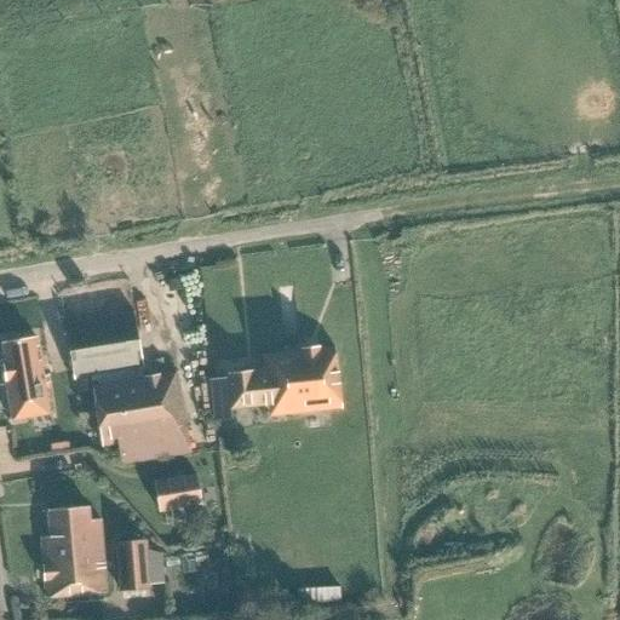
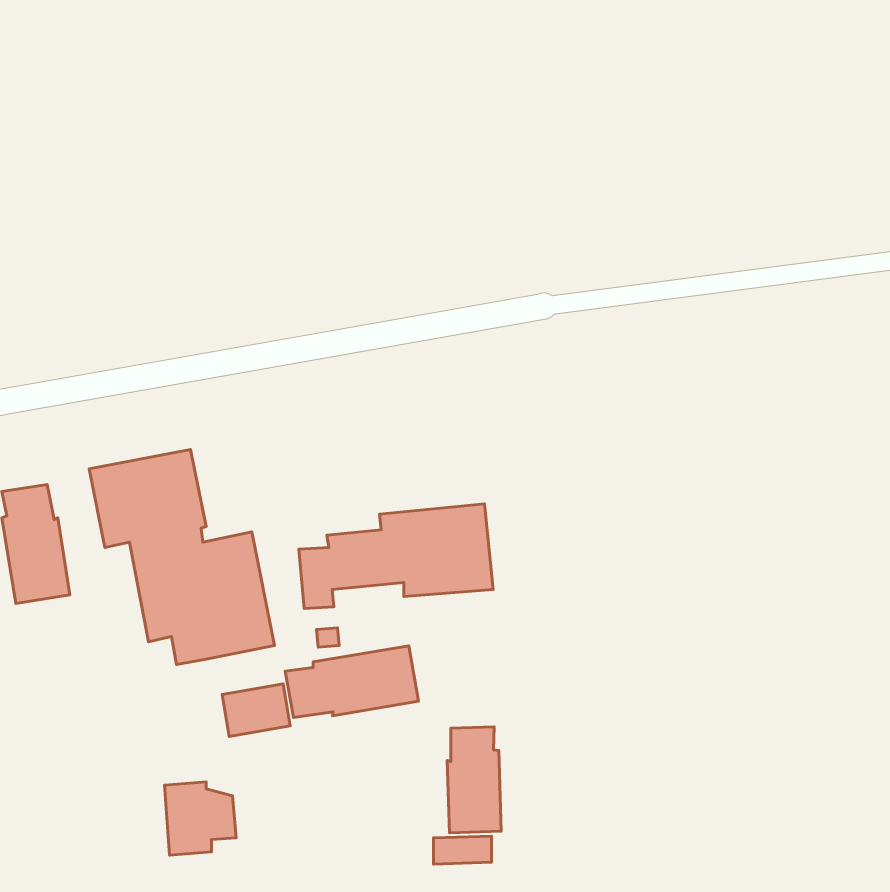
building: none -> [285,646,418,717]
building: none -> [447,727,501,833]
building: [41,507,105,599] -> none

